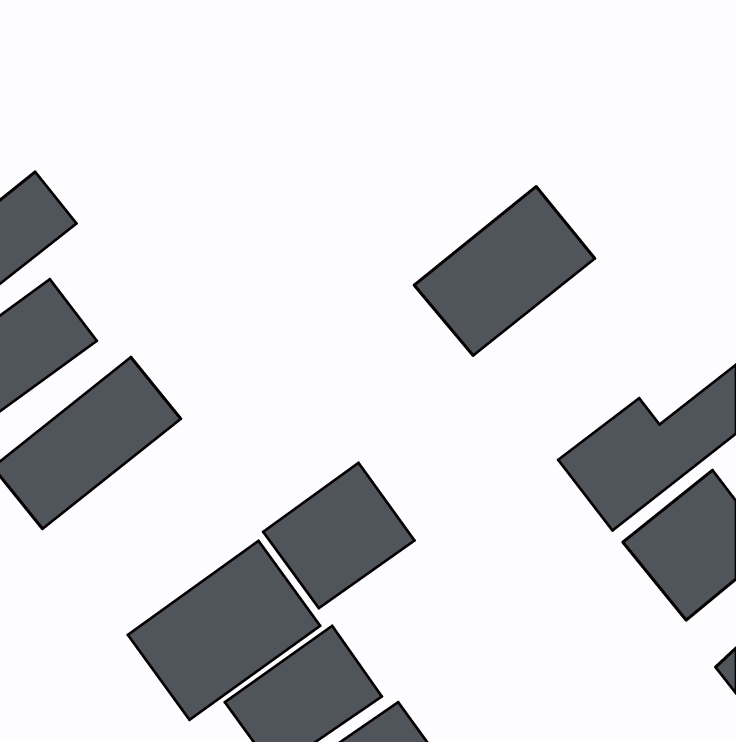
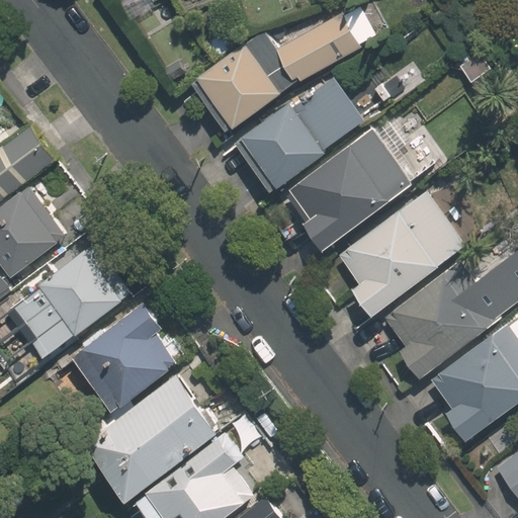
building: none -> [280,20,355,85]
building: none -> [192,45,276,126]
building: none -> [243,81,360,186]
building: none -> [338,193,463,313]
building: [263,463,414,608] -> [77,301,181,402]

